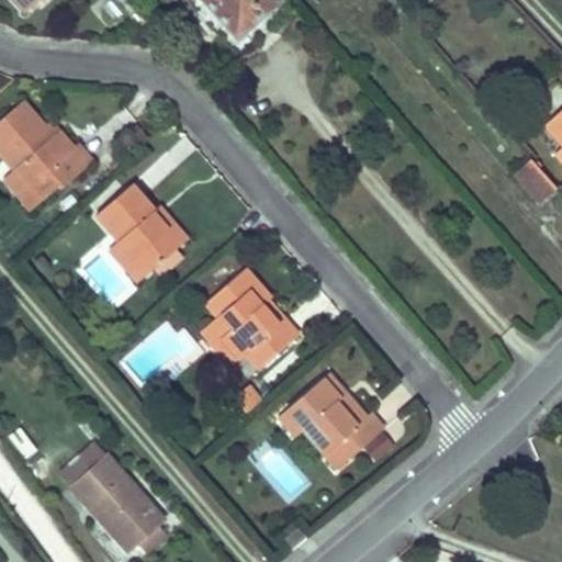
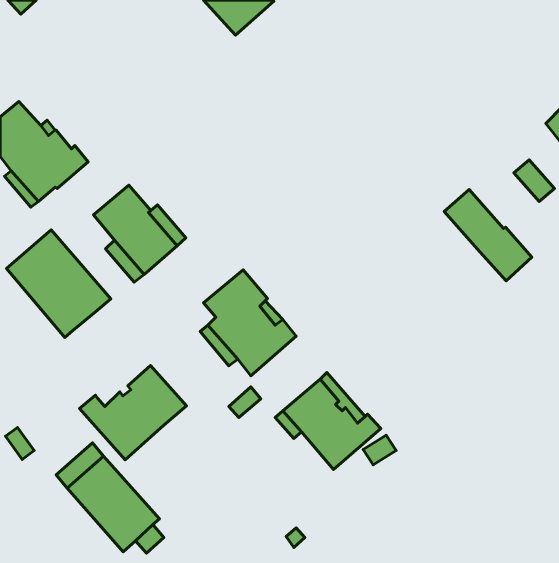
building: none -> [444,190,532,281]
building: none -> [7,230,111,337]
building: none -> [79,365,187,460]

